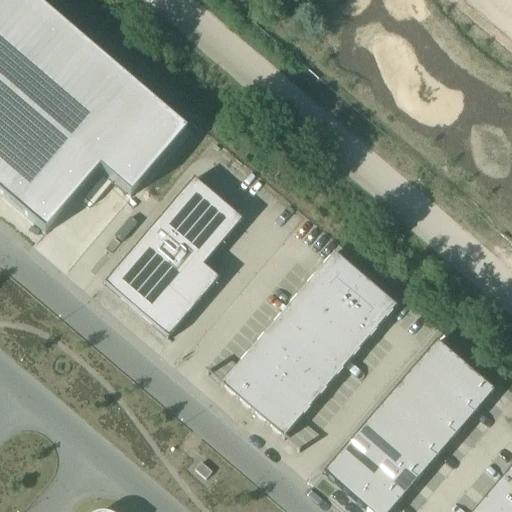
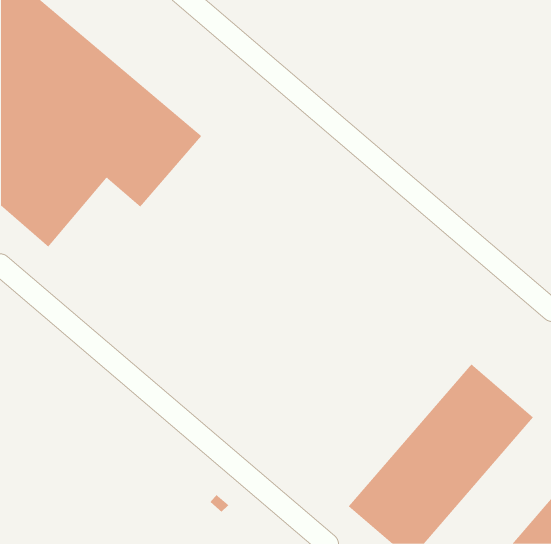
building: [104,173,243,335] -> none
building: [222,249,397,435] -> none

